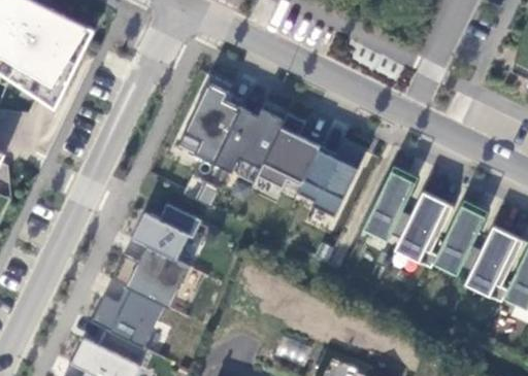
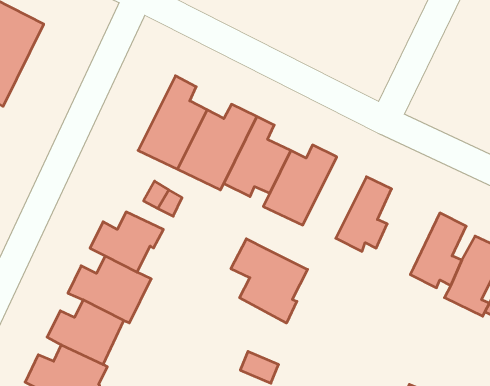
building: [396,191,454,267] -> none
building: none -> [231,239,308,323]

